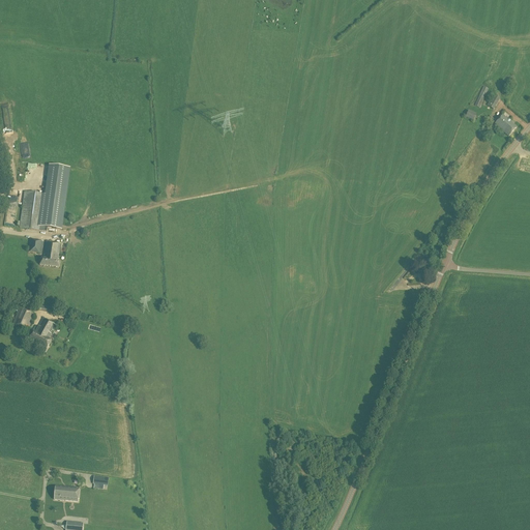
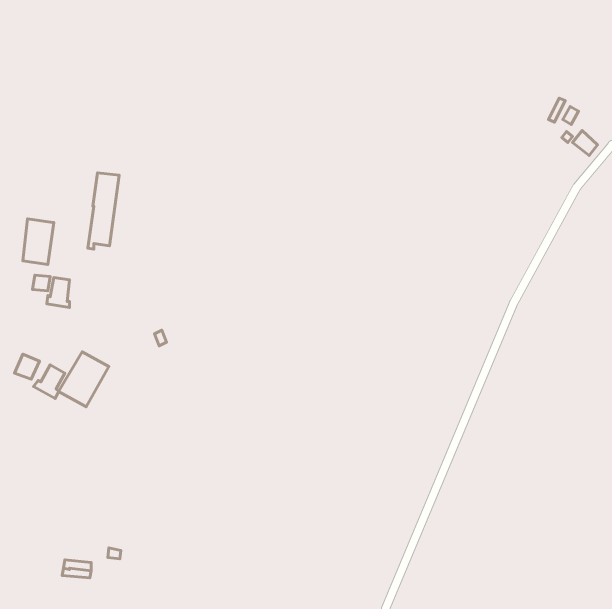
building: [41,164,68,230] -> [88,173,119,249]
building: none -> [59,352,109,407]

